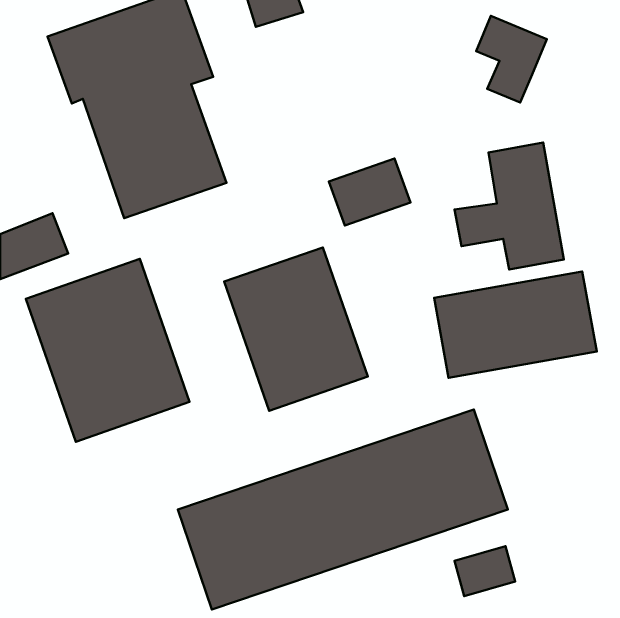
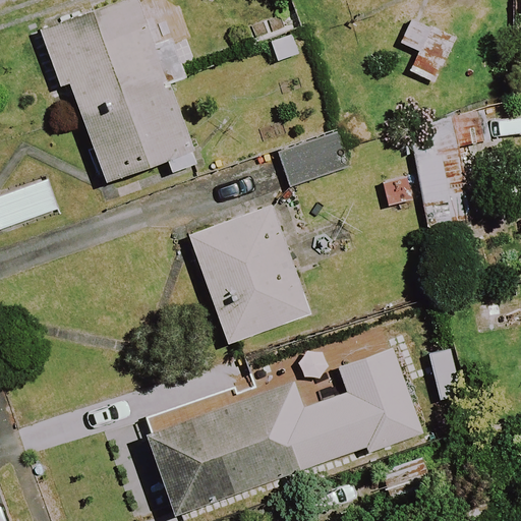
building: [26,259,190,442] -> none
building: [434,272,597,378] -> none

